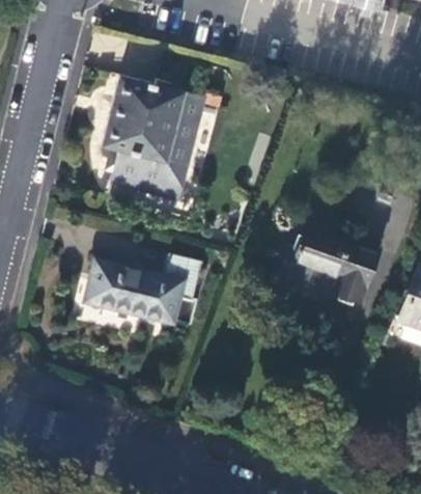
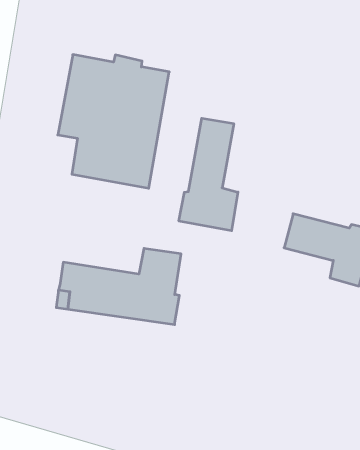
building: none -> [179,118,238,231]

